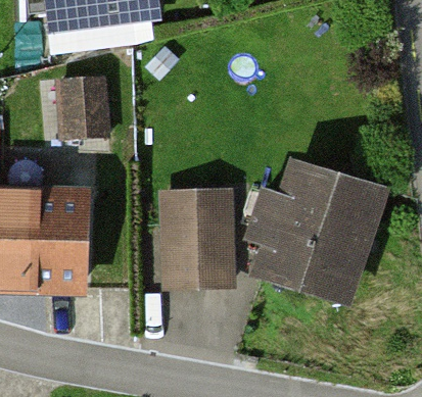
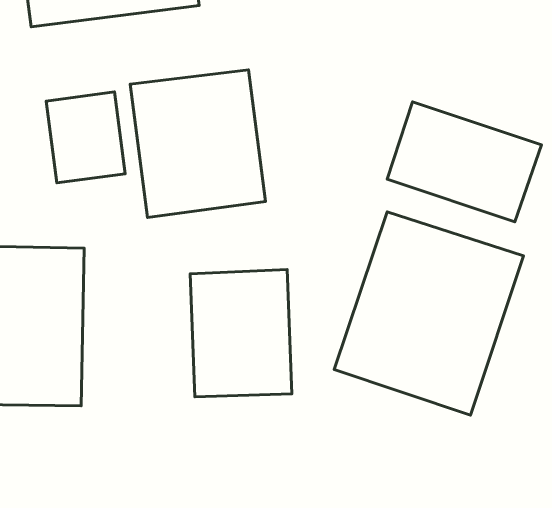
building: none -> [130,70,266,218]
building: none -> [387,102,542,222]

